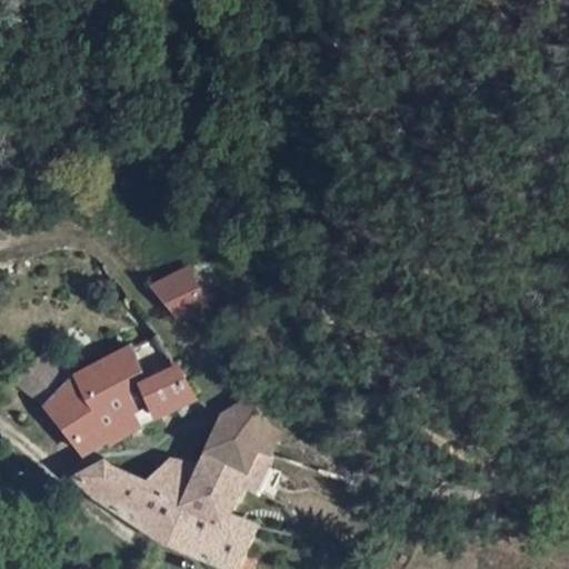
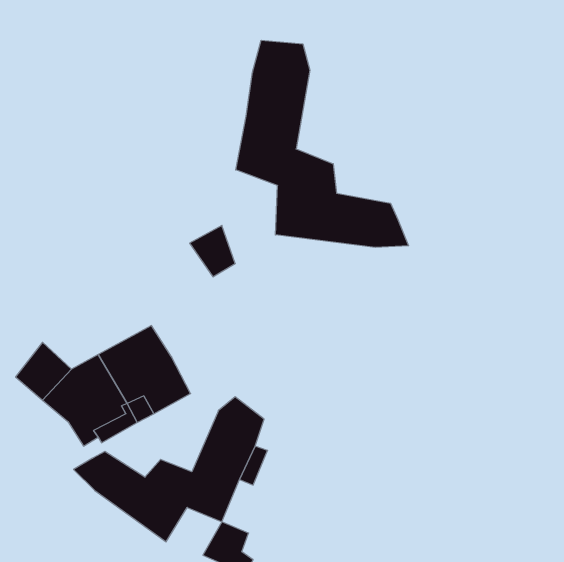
building: none -> [236,40,409,247]
building: [152,269,198,320] -> [190,225,235,277]
building: [166,513,221,561] -> none

